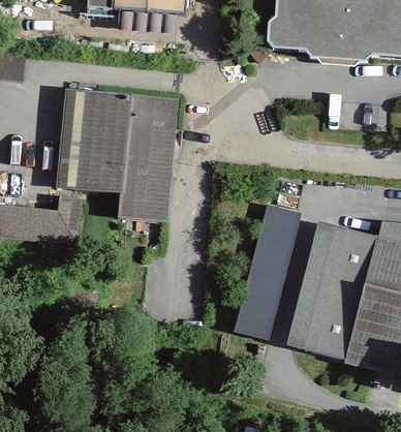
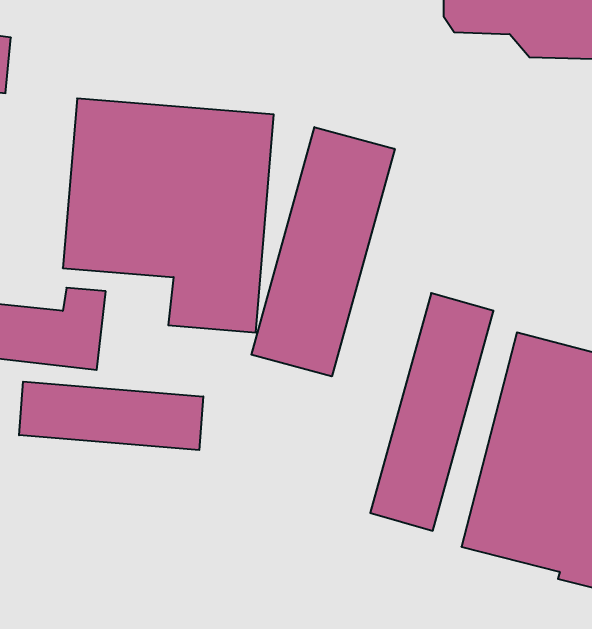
building: none -> [251,127,395,376]
building: none -> [19,382,203,450]

